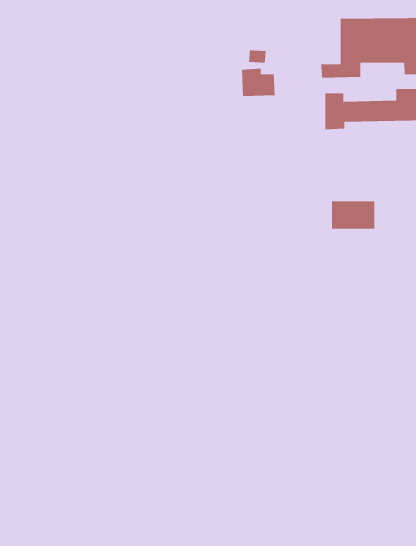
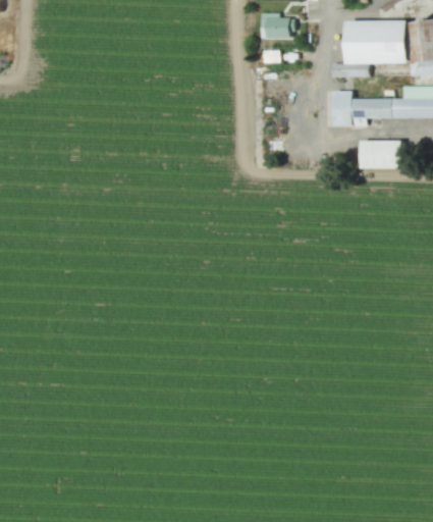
building: [241,68,276,97] -> [258,12,290,40]
building: [331,200,375,230] -> [361,141,402,168]

